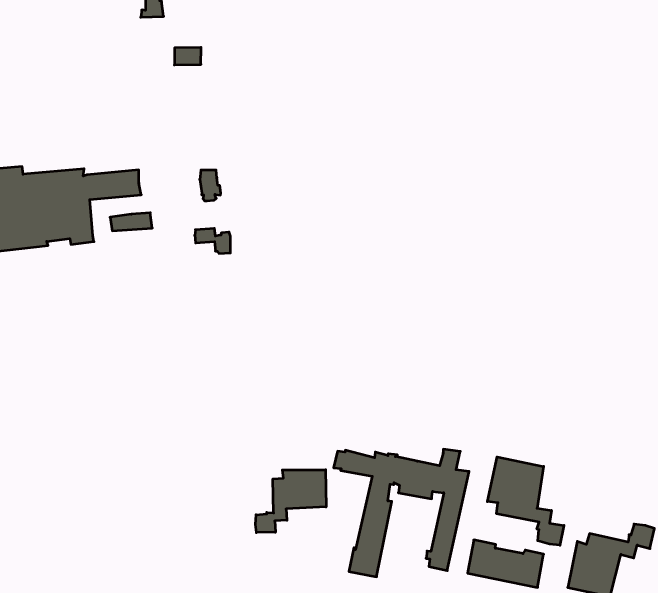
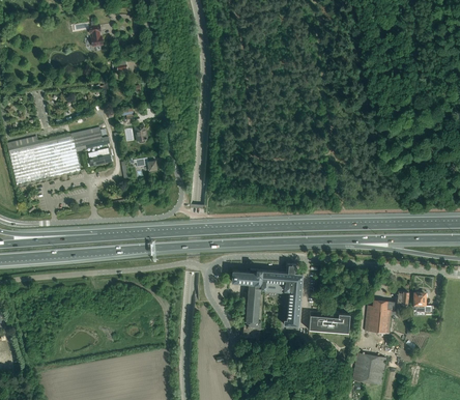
building: [487,457,564,545] -> none
building: [255,470,326,533] -> none

